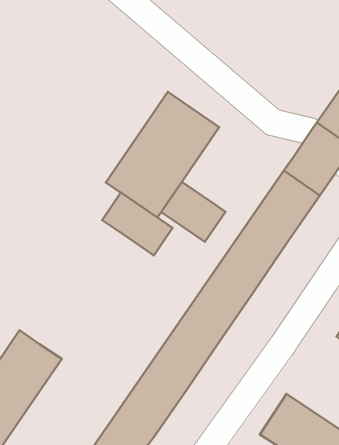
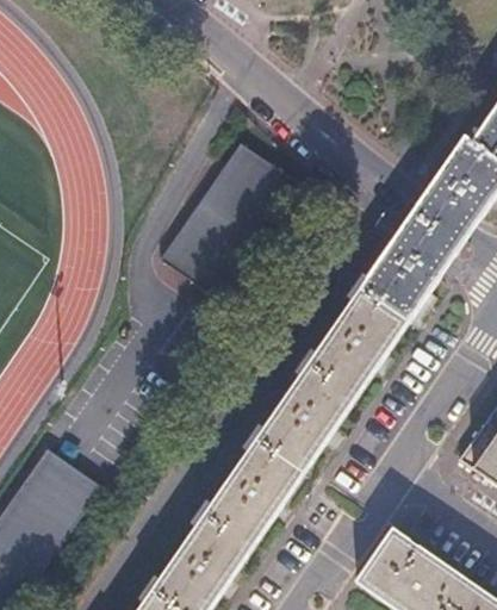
building: [161,182,225,242] -> none
building: [102,193,172,255] -> none

